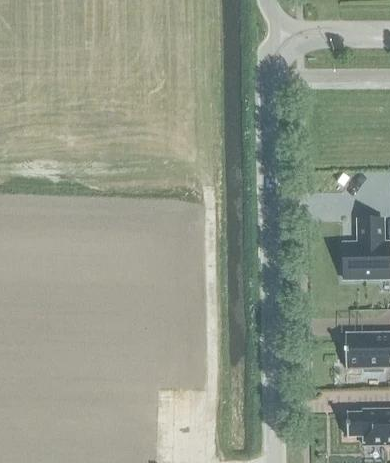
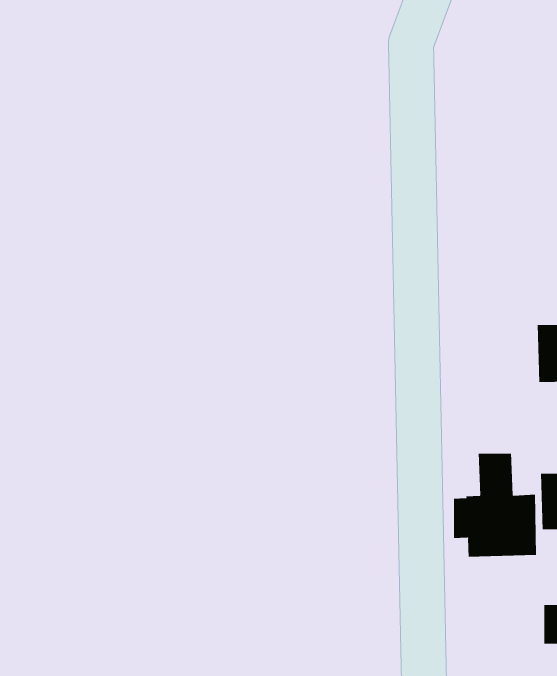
building: none -> [453,453,537,557]

